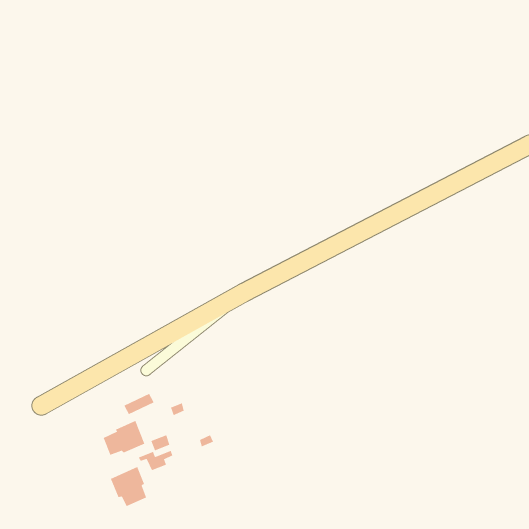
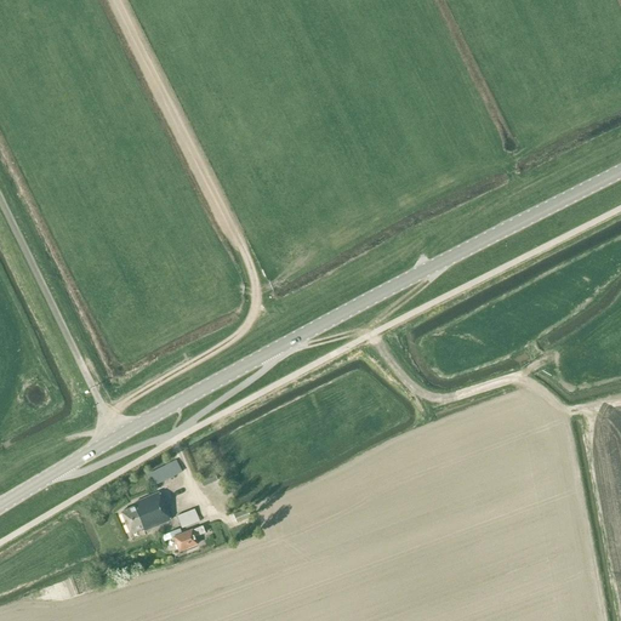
building: [110,466,147,507] -> none

